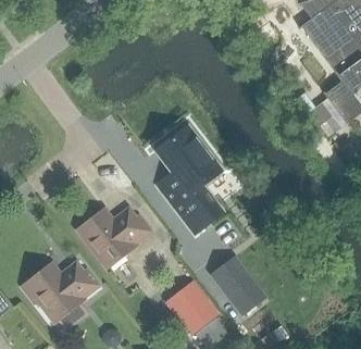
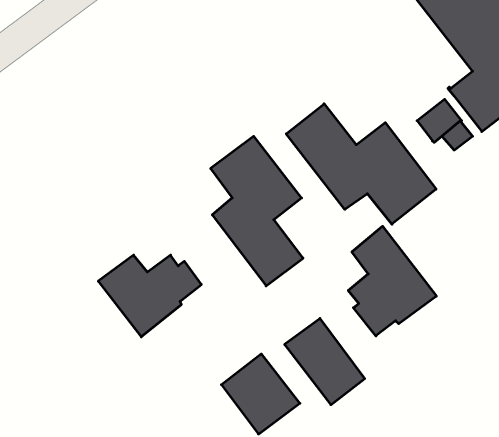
building: none -> [286,104,436,224]
building: none -> [348,226,436,336]
building: [22,263,98,321] -> none

